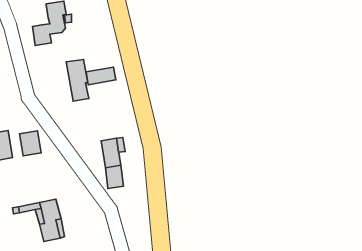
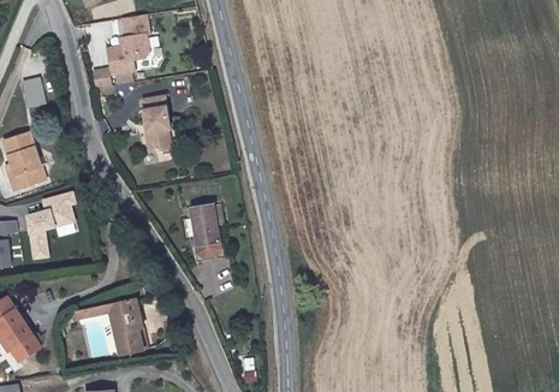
building: [86,67,116,85] -> none
building: [19,131,41,156] -> none

